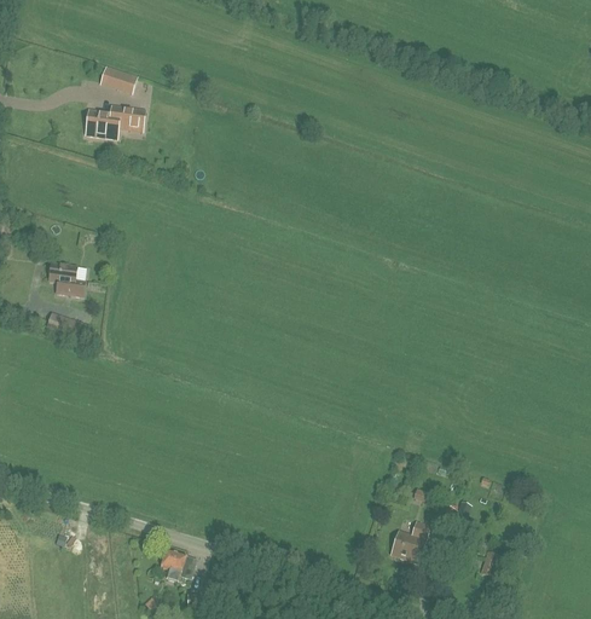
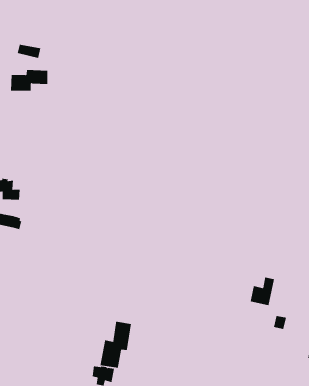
building: none -> [100,321,131,368]
building: [390,521,430,565] -> [250,277,275,306]

